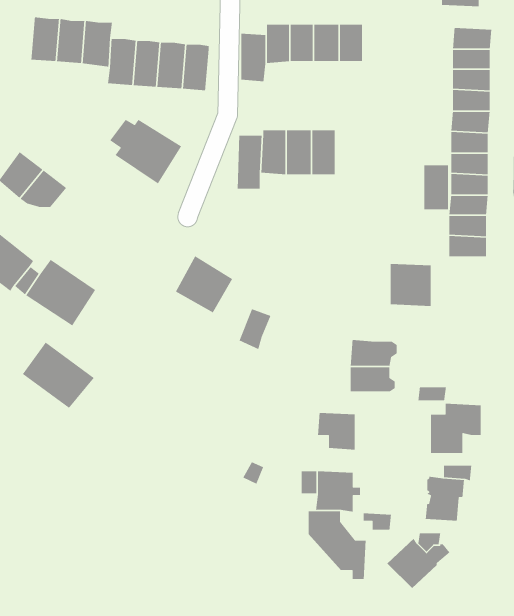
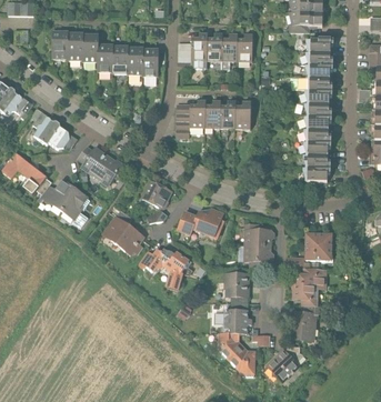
building: [109,119,182,184] -> [78,144,122,184]
building: [423,164,449,210] -> [235,100,251,128]
building: [390,263,432,307] -> [305,232,331,259]
building: none -> [191,204,225,237]
building: [22,341,95,409] -> [103,214,148,255]
building: none -> [138,243,187,288]

